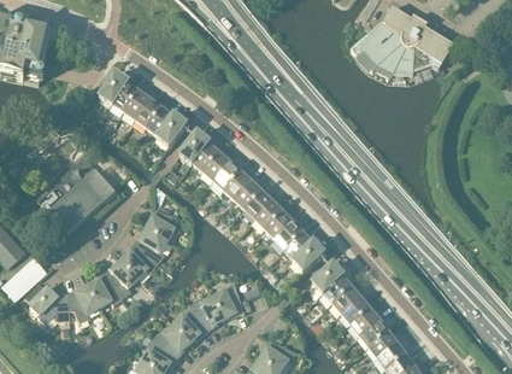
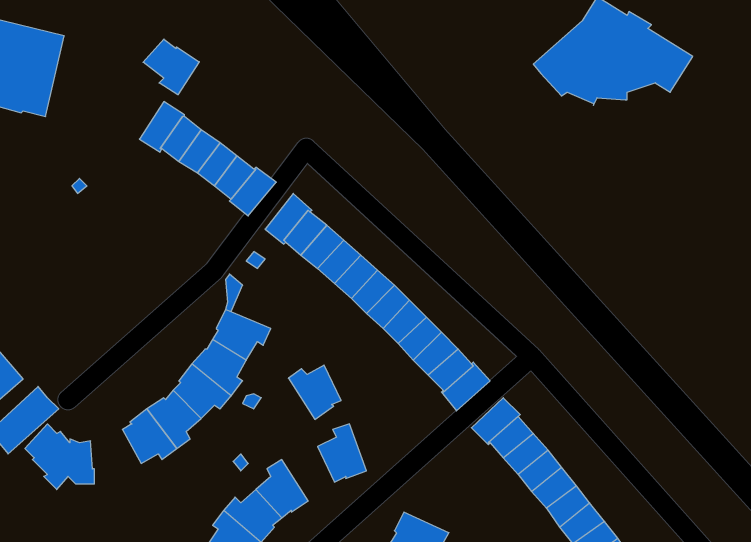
building: none -> [143,39,199,95]
building: [36,156,116,234] -> none
building: [67,285,100,322] -> none
building: [190,296,224,331] -> [288,365,341,419]

